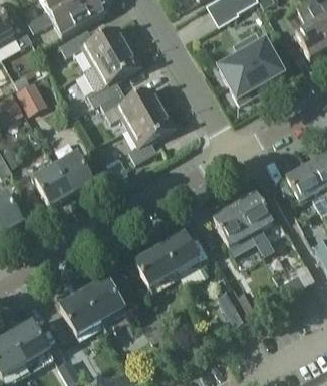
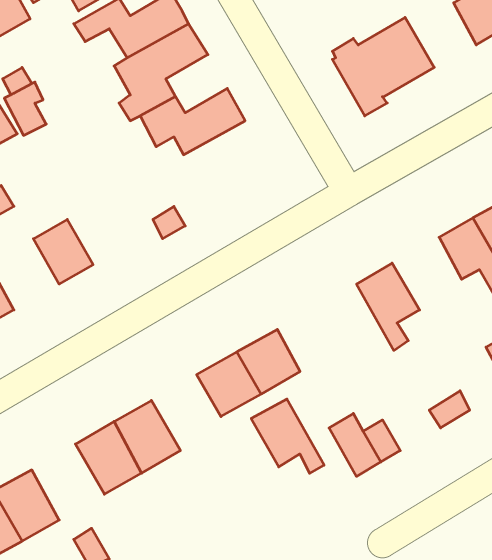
building: [127,104,177,161] -> none
building: [55,153,92,193] -> none
building: [213,205,258,251] -> [251,399,324,473]

